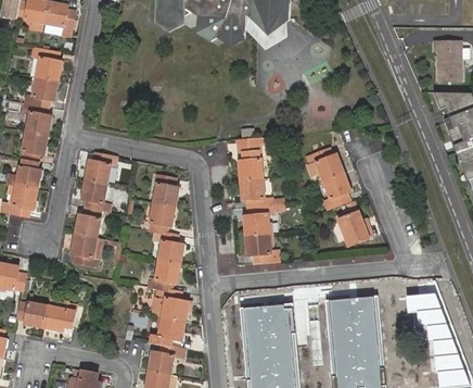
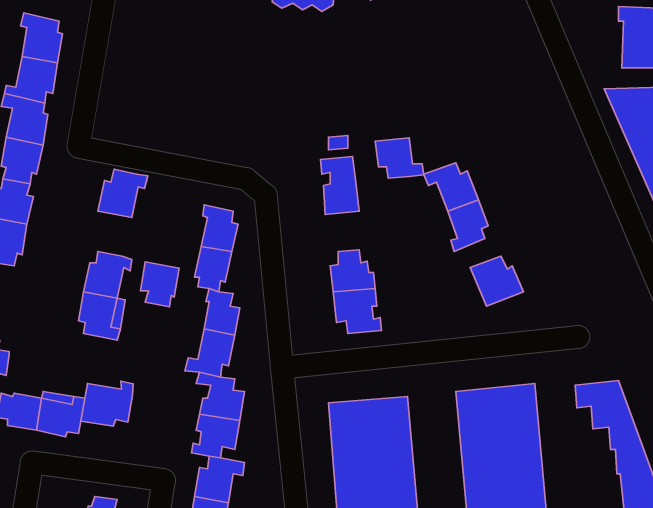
building: [81,178,107,209] -> [140,262,179,307]
building: [238,178,270,205] -> [375,138,424,178]
building: none -> [81,381,133,426]

